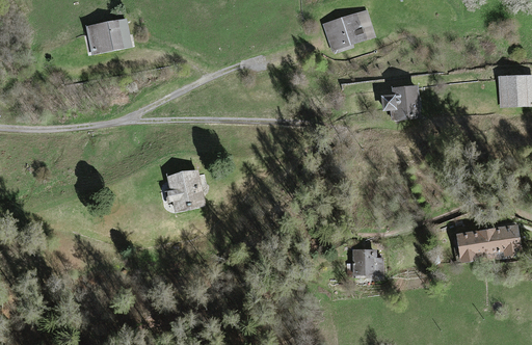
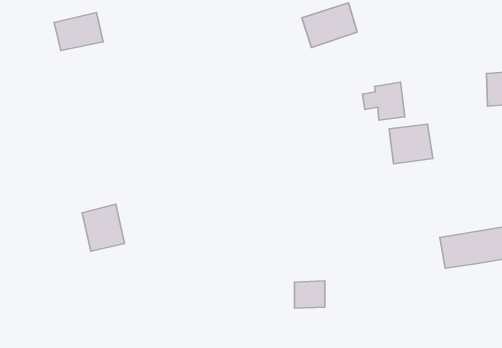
building: none -> [389,124,433,164]
building: [166,168,207,213] -> [82,204,125,251]
building: [352,248,381,274] -> [294,281,325,308]

